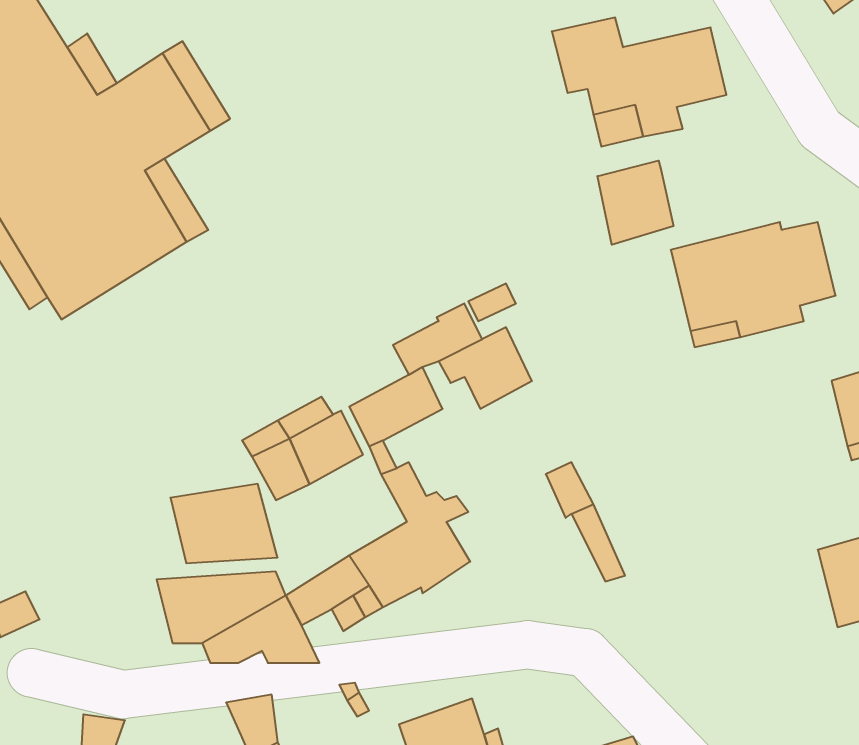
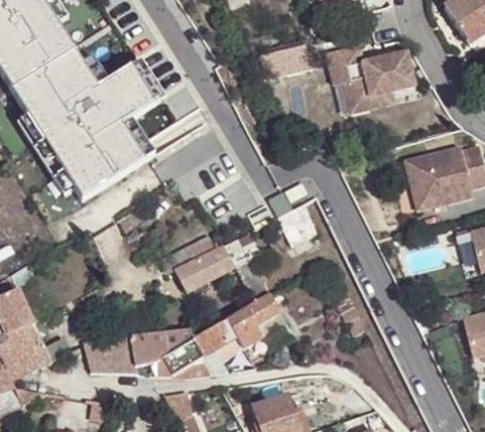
building: [597,161,673,245] -> none
building: [170,484,278,563] -> [83,331,137,372]

